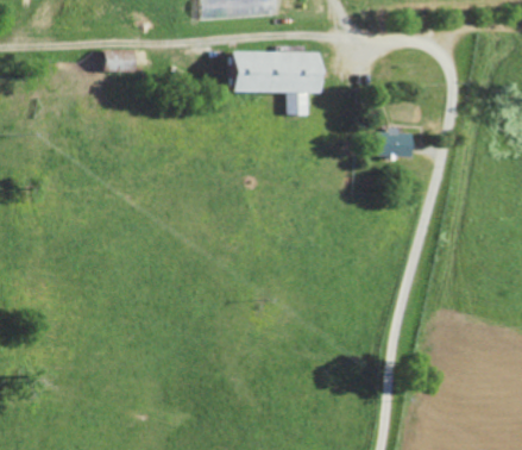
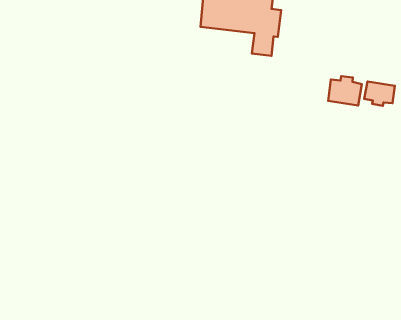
building: none -> [364,82,395,106]

